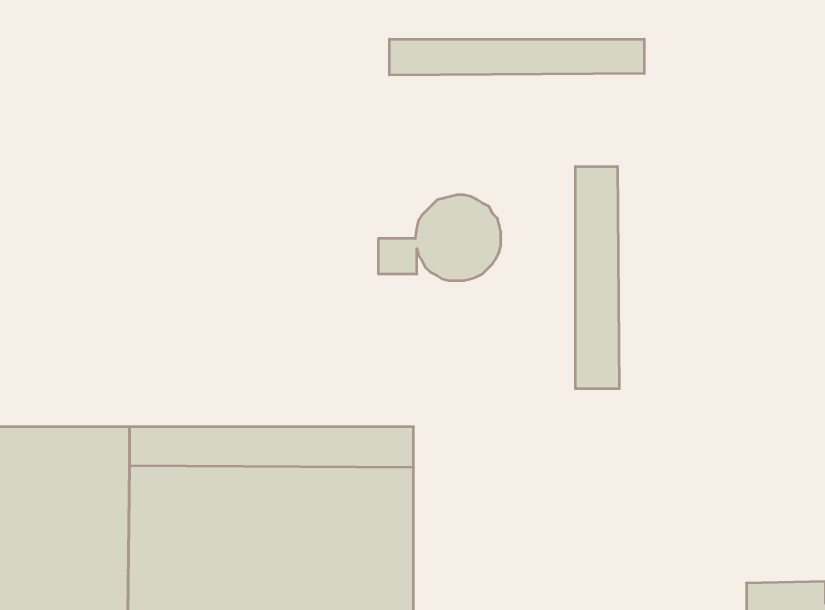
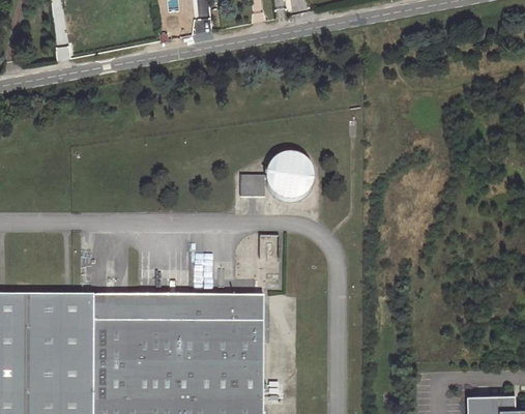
building: [389,39,644,75] -> none
building: [575,166,619,389] -> none

